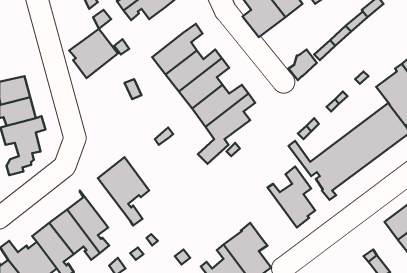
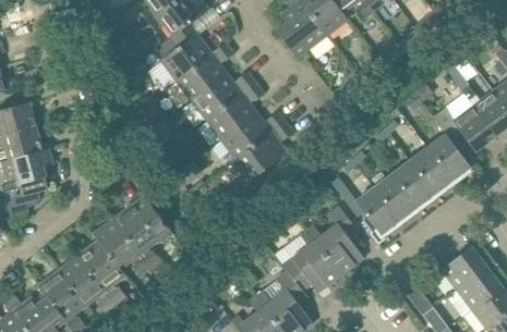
building: [69,29,118,78] -> [155,24,210,81]
building: none -> [92,219,149,275]
building: none -> [282,230,340,291]

